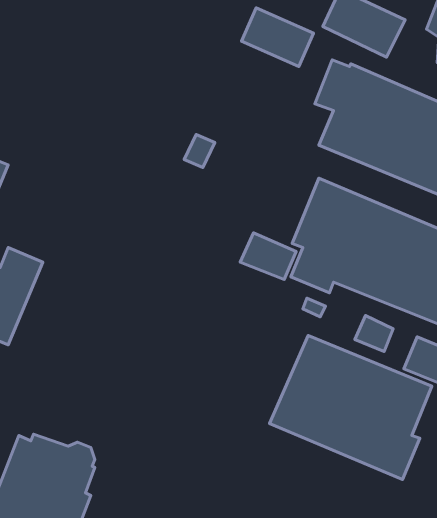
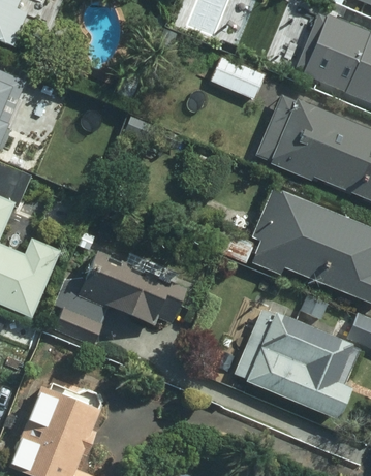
building: none -> [50,251,185,343]

